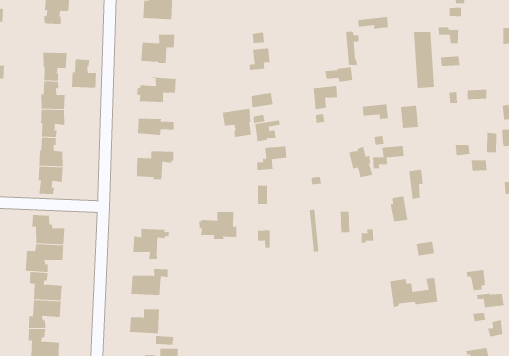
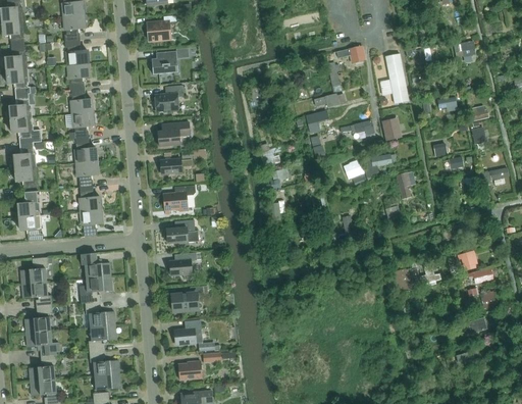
building: [71,59,97,88] -> [70,89,93,114]
building: [222,108,252,138] -> none
building: [198,211,237,239] -> [164,219,199,245]

